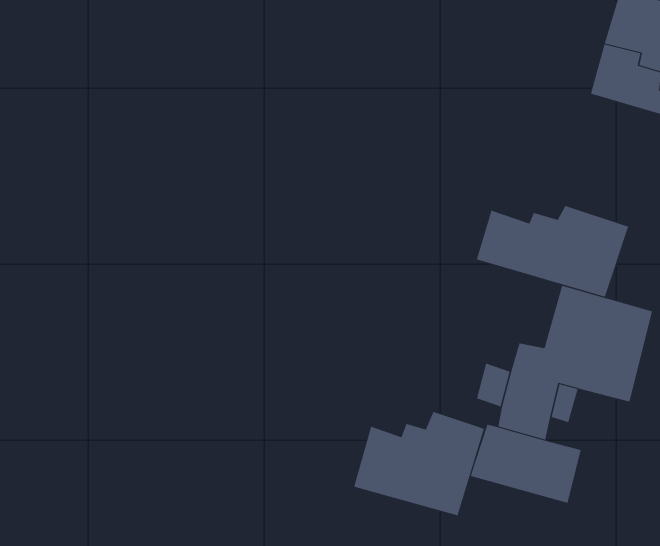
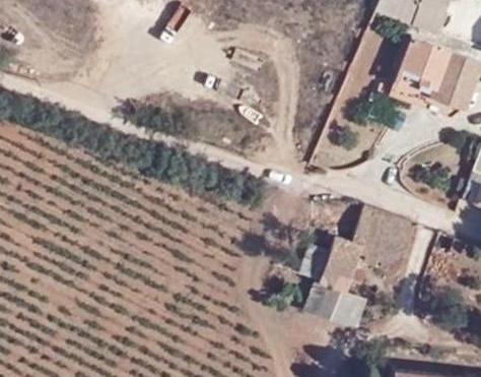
building: [476,205,629,298] -> none
building: [354,411,484,516] -> none

